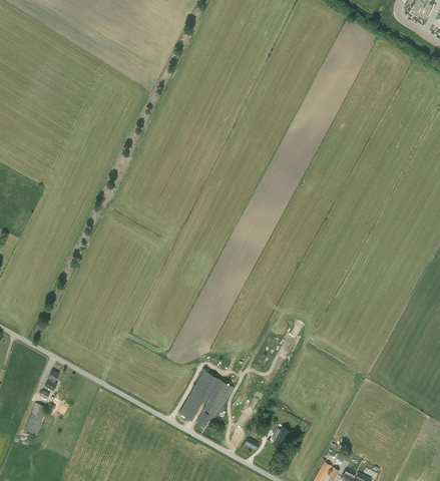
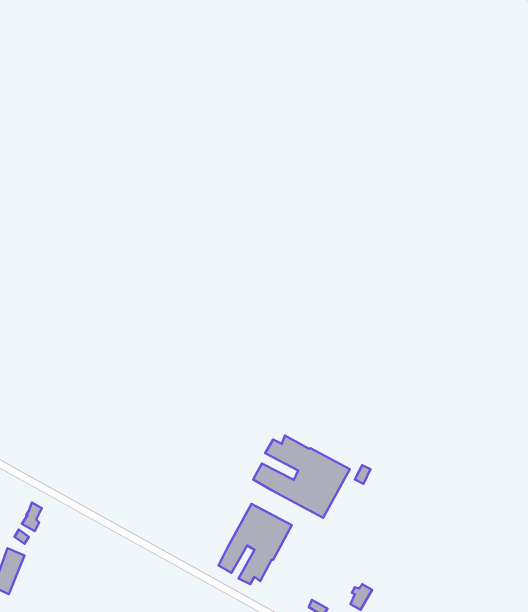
building: none -> [253,436,350,518]

